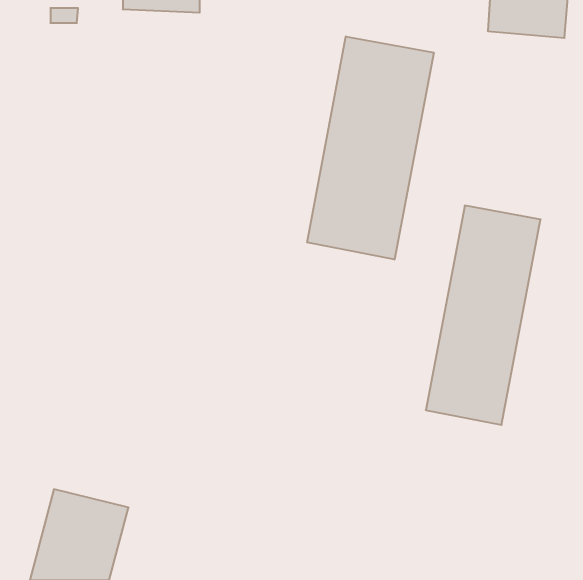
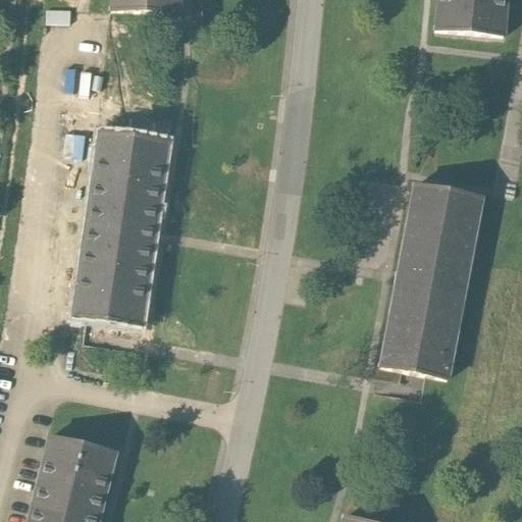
building: [307,36,434,260] -> none
building: none -> [74,130,169,323]

